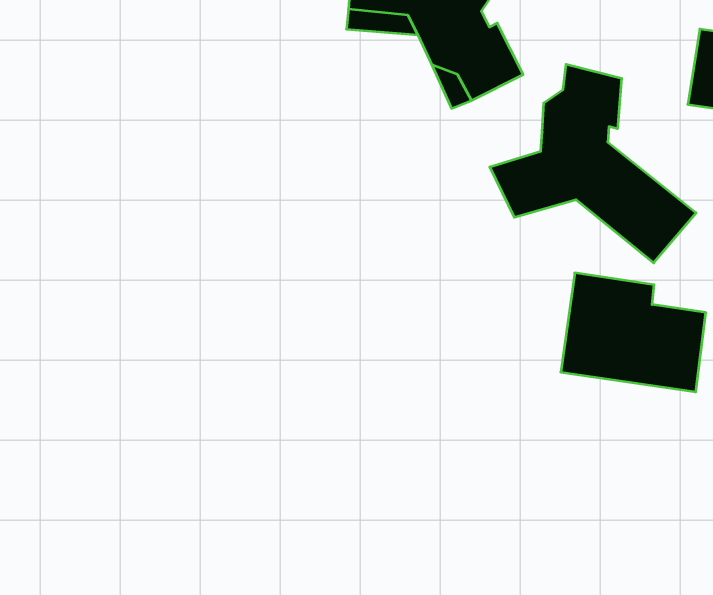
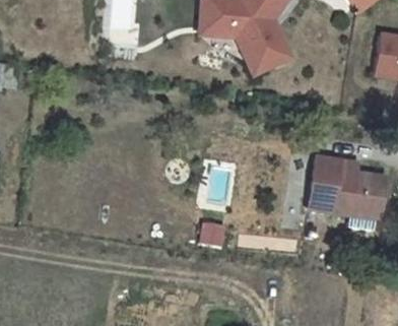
building: [490,64,696,263] -> none

